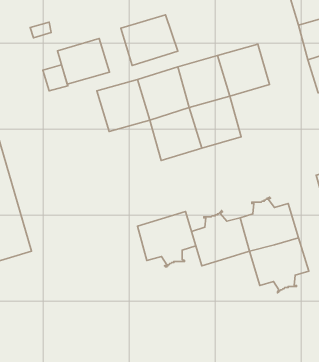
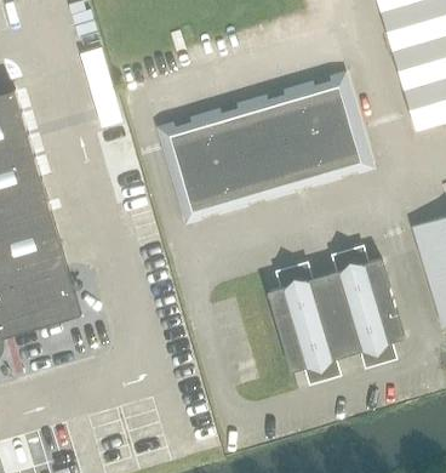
building: [121,15,178,65] -> none
building: [58,38,109,84] -> none
building: none -> [313,120,373,181]
building: none -> [172,161,233,222]
building: [138,212,196,267] -> [280,314,348,378]

